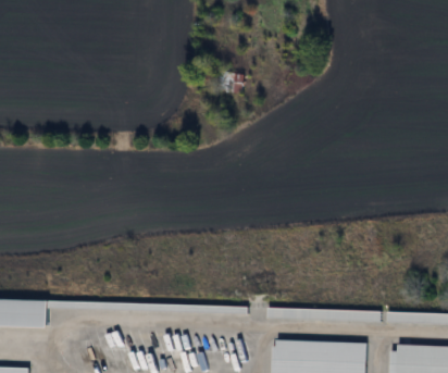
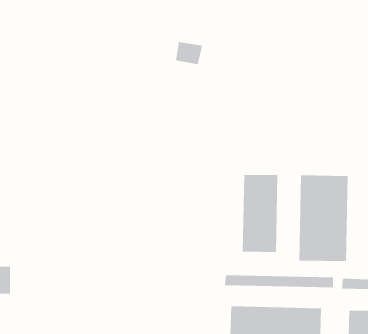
building: none -> [242,174,278,253]
building: none -> [299,175,348,262]

